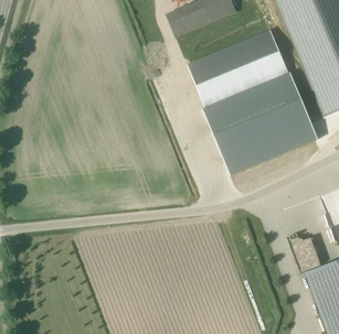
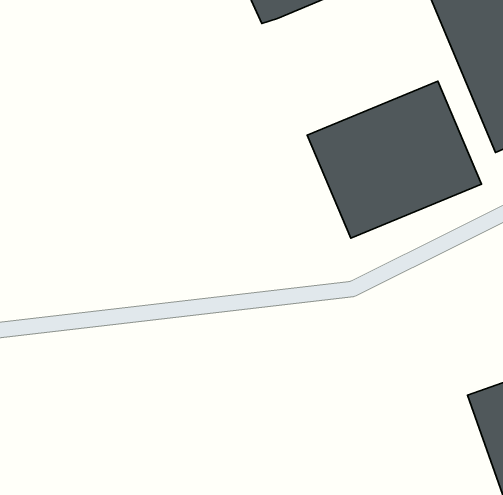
building: [188,29,288,106] -> none

